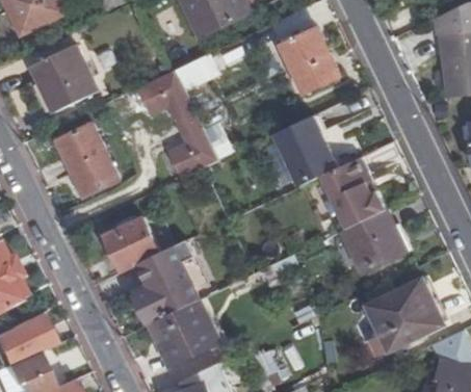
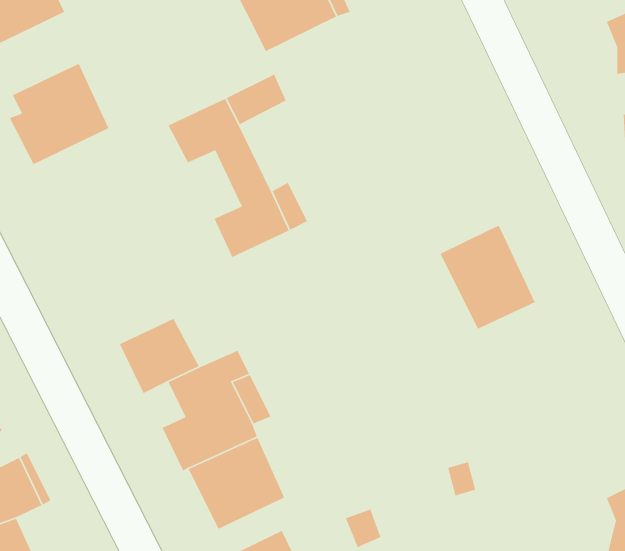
building: [280,27,339,92] -> none
building: [273,114,336,186] -> none
building: [54,124,117,197] -> none
building: [340,208,409,273] -> none
building: [364,278,441,356] -> none

